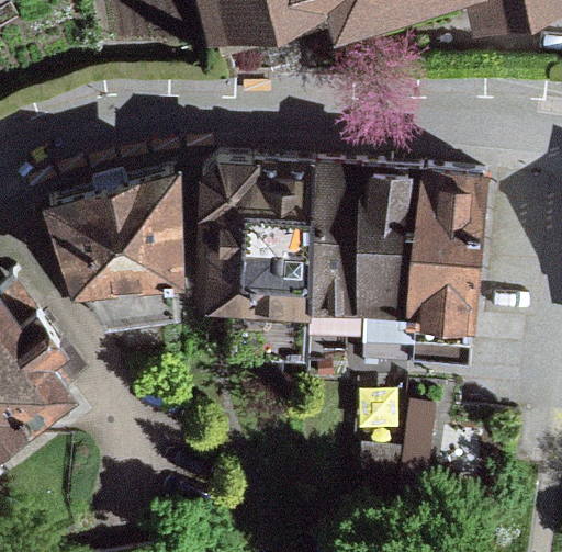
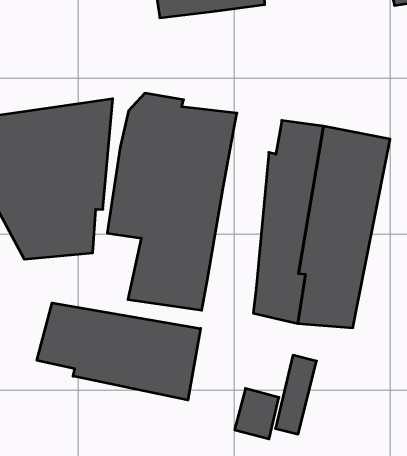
building: [306,150,367,337] -> none
building: none -> [37,303,201,400]

